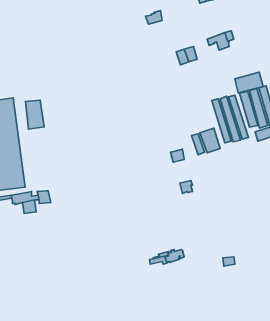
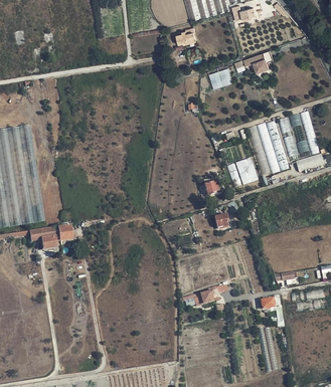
building: [235,72,263,93] -> none
building: [26,100,44,129] -> none

